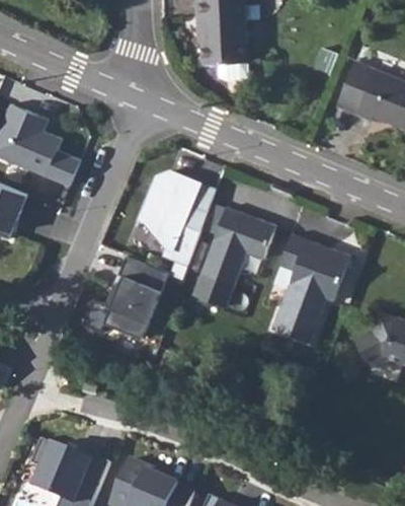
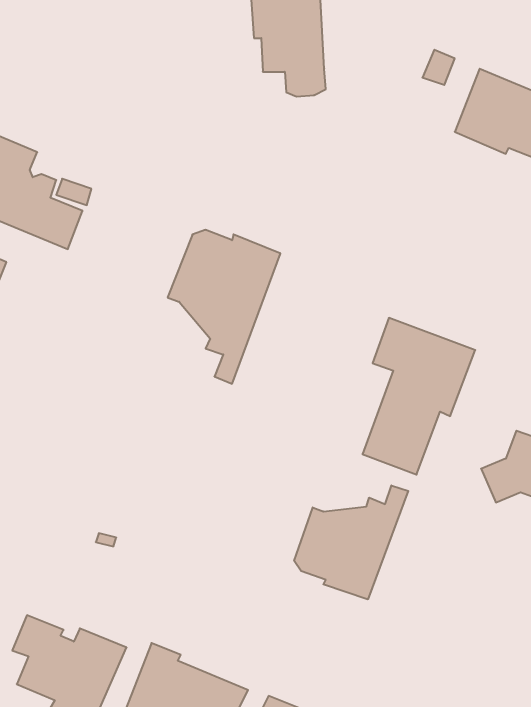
building: [195,208,275,307] -> none
building: [102,257,168,339] -> none
building: none -> [294,485,408,599]

